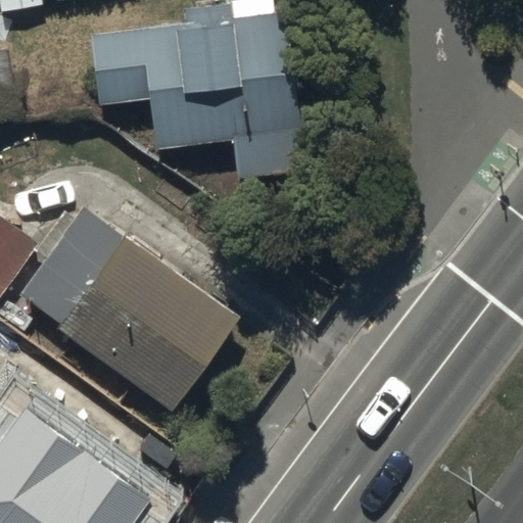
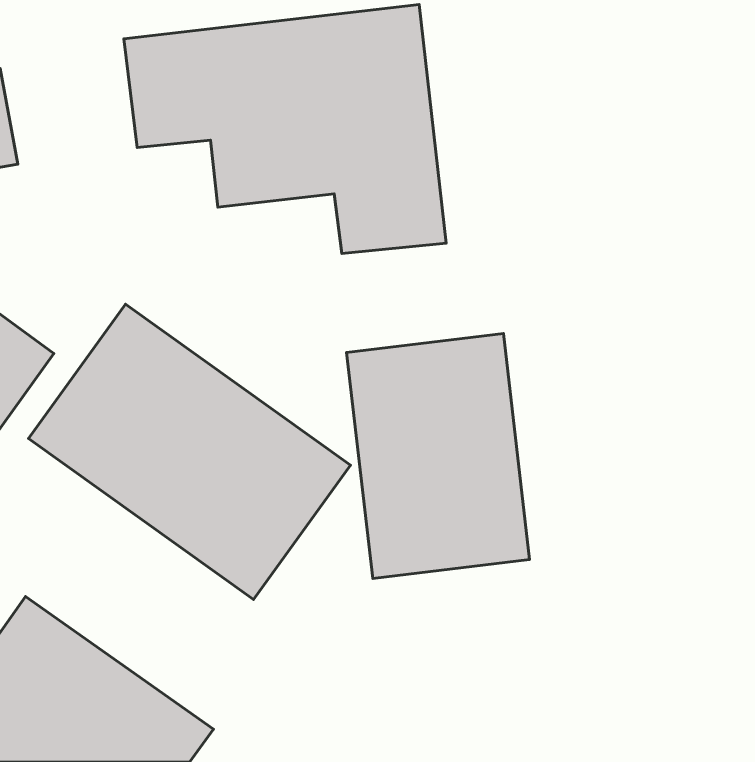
building: none -> [346,334,530,578]

